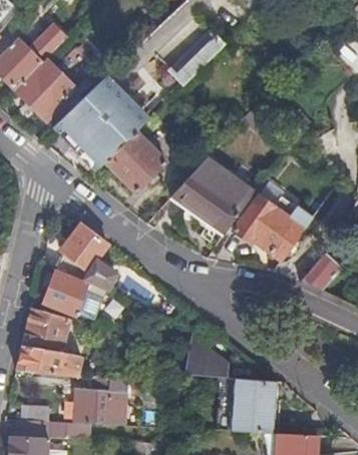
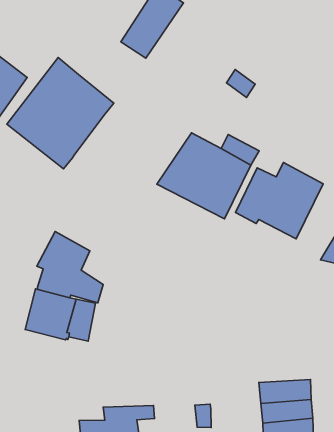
building: [106,131,166,191] -> none
building: [17,307,82,377] -> none
building: [187,337,227,378] -> none

